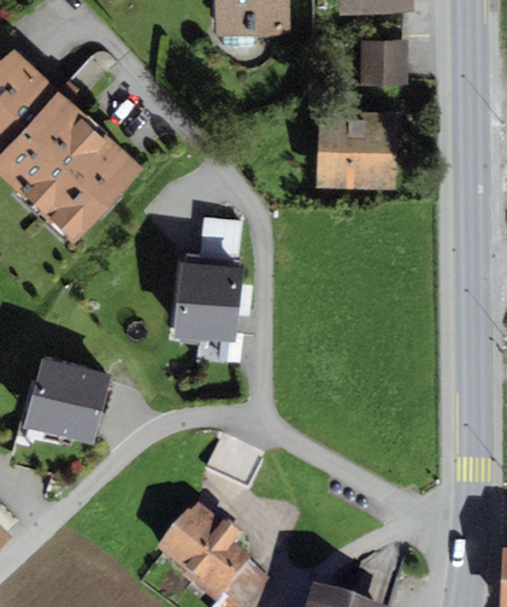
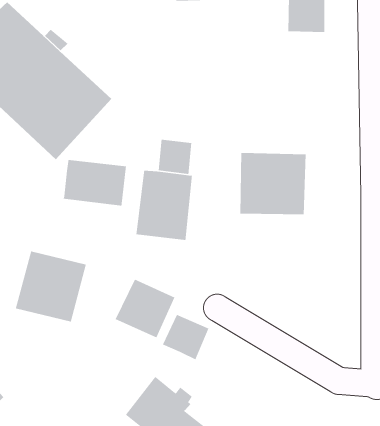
building: [317,110,400,188] -> [239,152,307,215]
building: none -> [63,159,127,207]
building: none -> [115,279,176,339]

